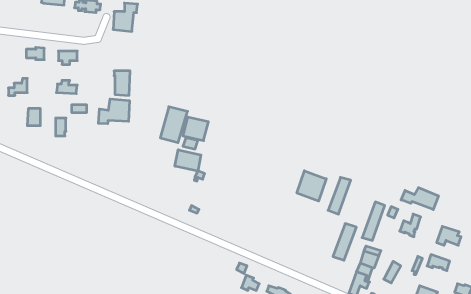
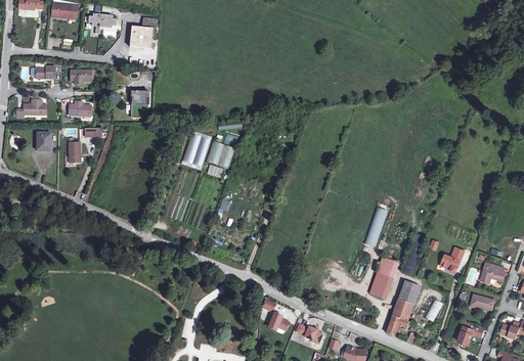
building: [98,99,129,124] -> none
building: [175,150,201,171] -> none
building: [297,171,326,201] -> none
building: [401,188,438,210] -> none

